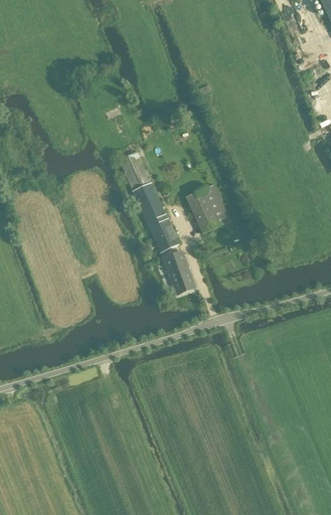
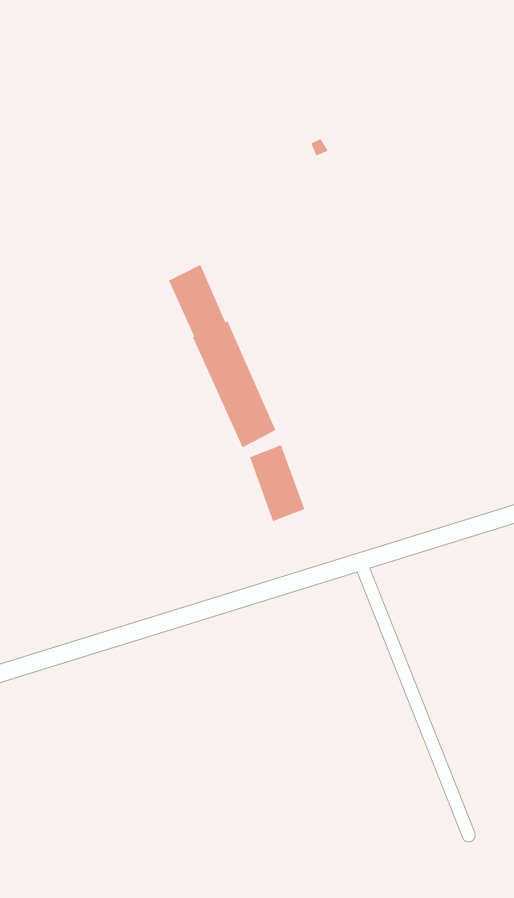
building: [185,183,229,232] -> none

